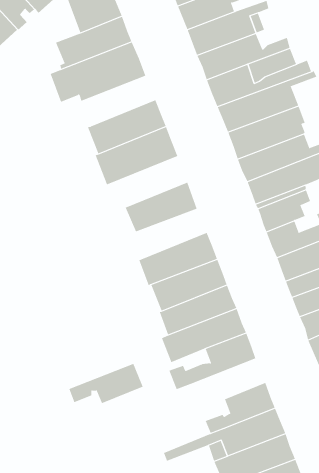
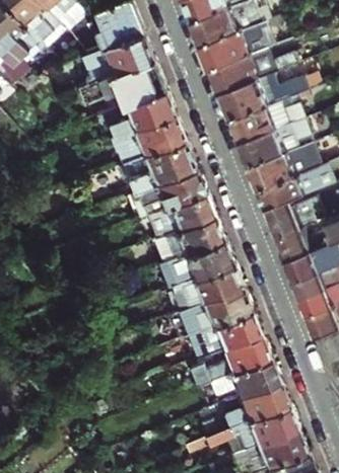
building: none -> [91,89,173,137]
building: none -> [126,165,203,218]
building: none -> [149,215,221,262]
building: [68,363,143,404] -> [206,357,277,395]

